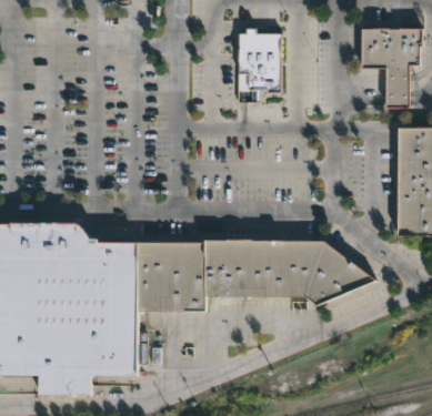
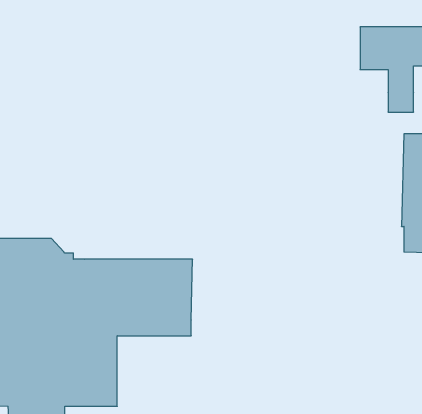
building: [237,27,280,102] -> none
building: [204,239,376,306] -> none

